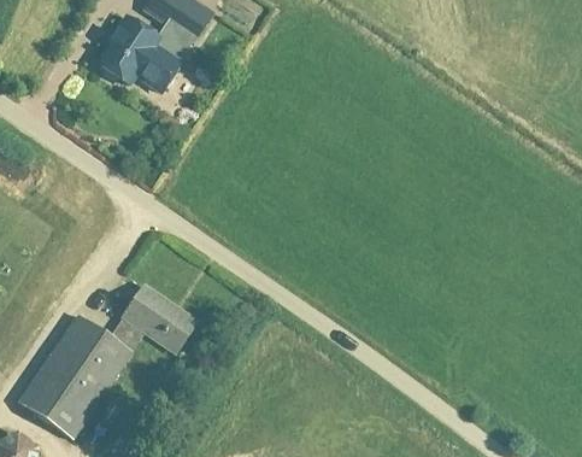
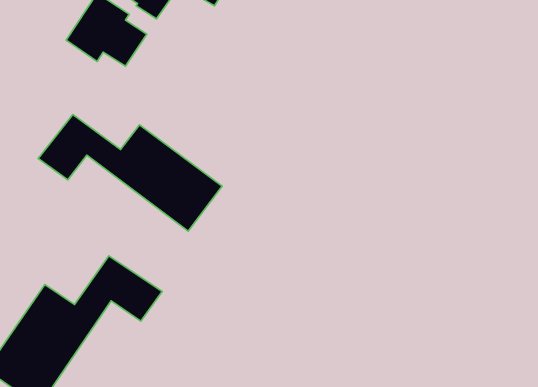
building: none -> [38,115,222,231]

